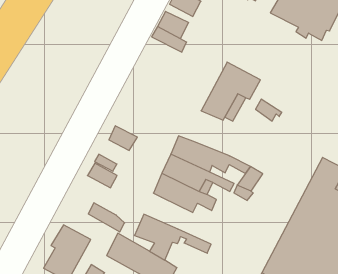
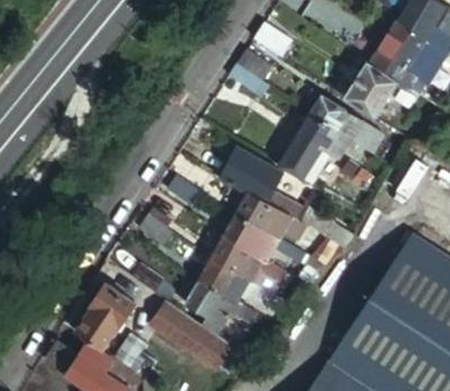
building: none -> [341,59,399,117]
building: none -> [312,96,383,151]
building: none -> [219,148,283,202]
building: none -> [198,256,281,312]

